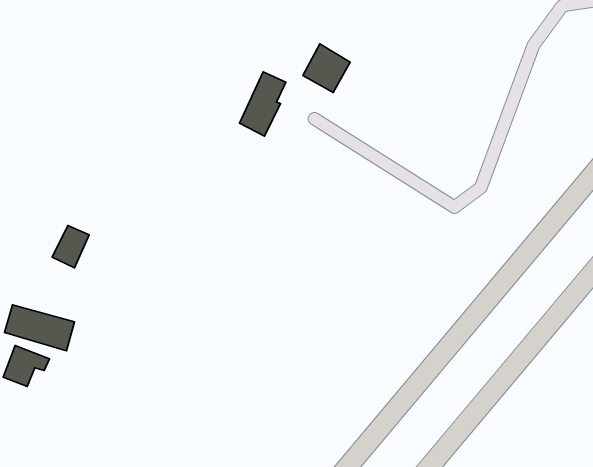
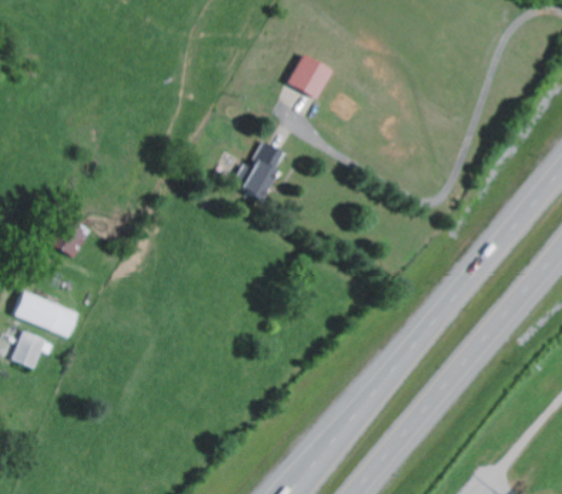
building: [240,72,286,136] -> [240,142,282,201]

